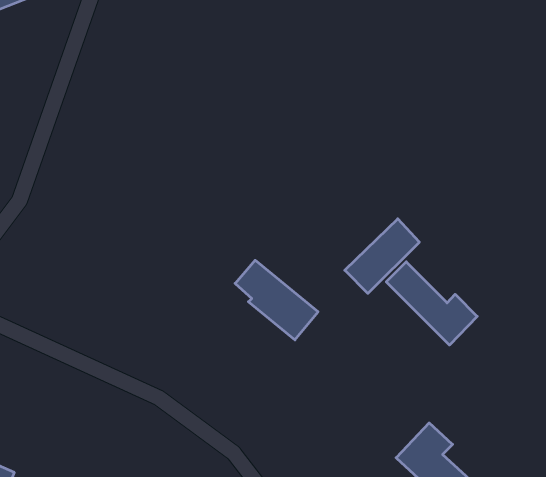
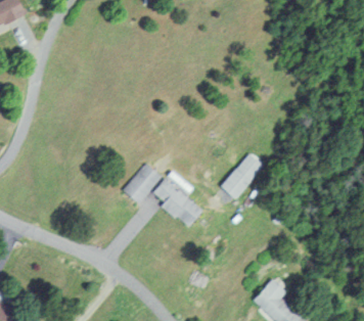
building: none -> [123,163,163,203]
building: [386,262,477,345] -> none

